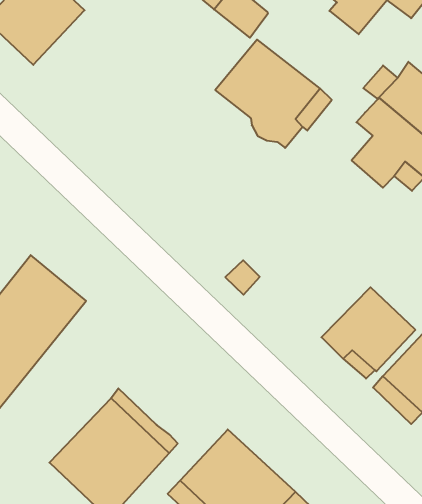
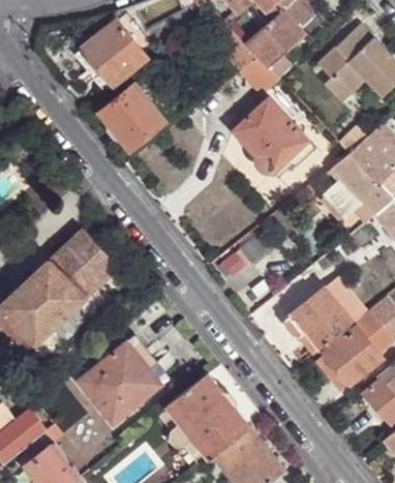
building: none -> [98,84,165,151]

